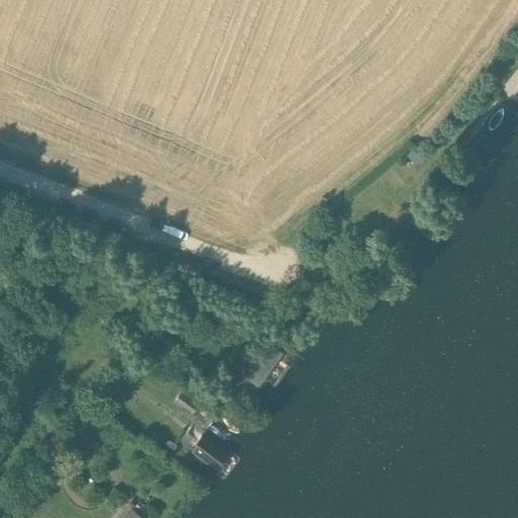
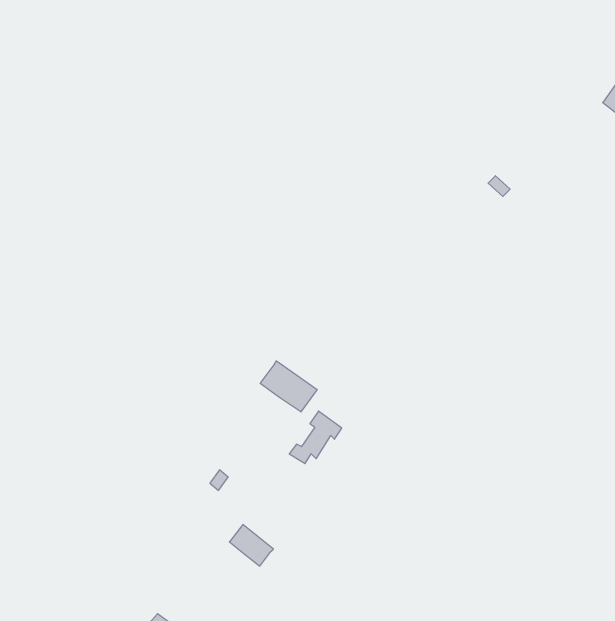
building: none -> [260,361,317,412]

